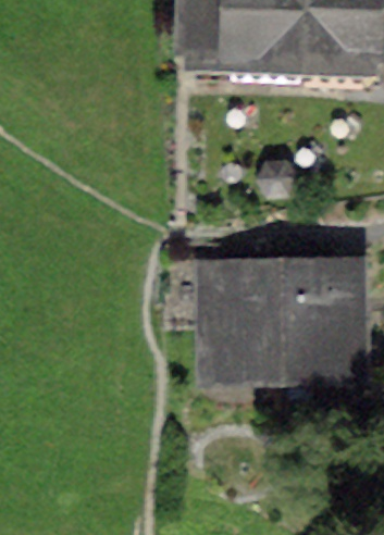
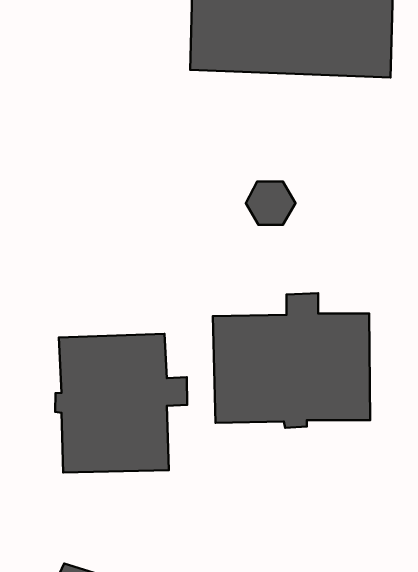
building: none -> [55,334,187,473]

